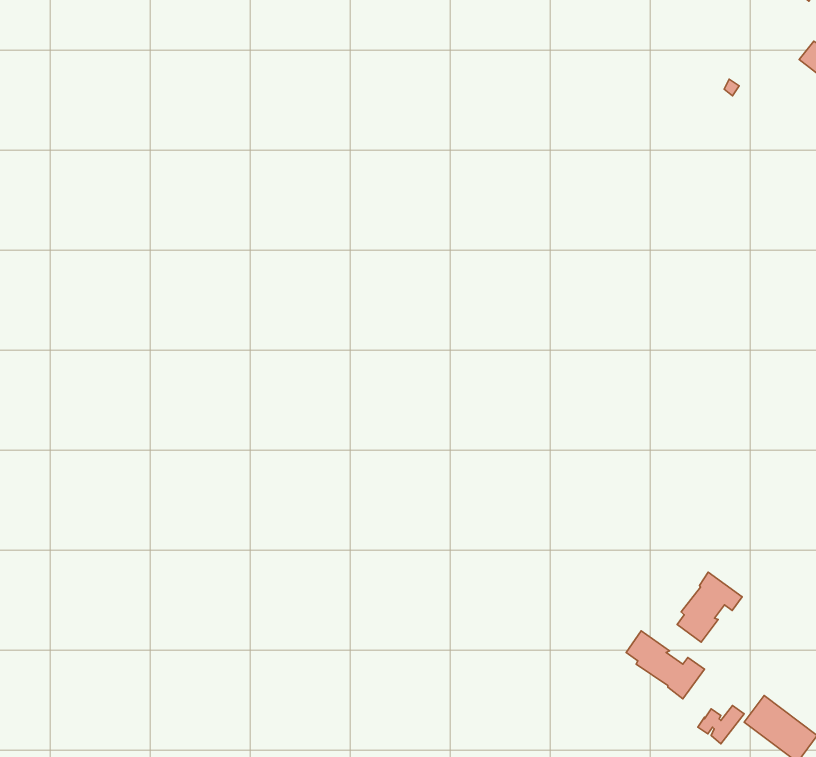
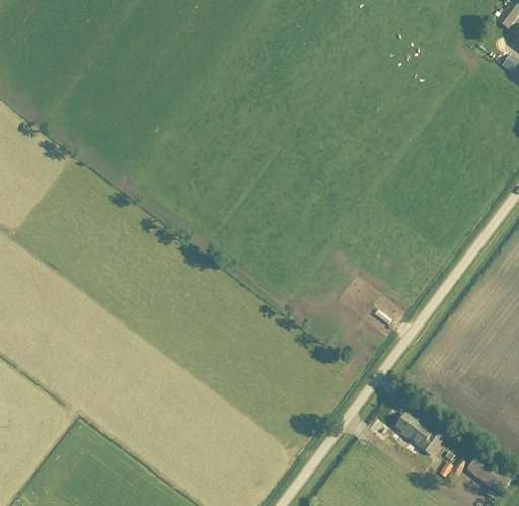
building: [677,572,742,642] -> none

